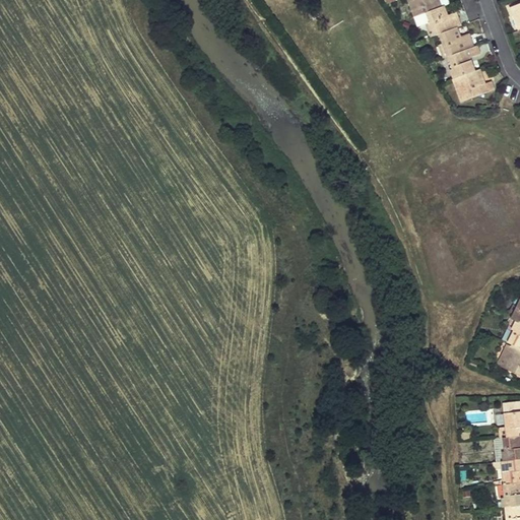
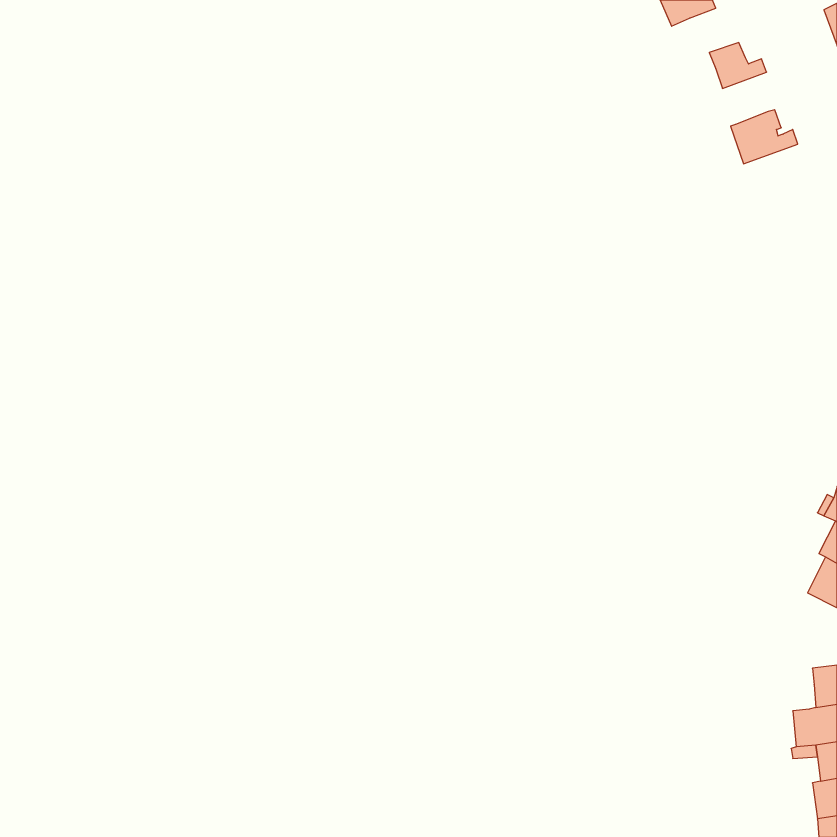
building: [428,4,463,35] -> none
building: [448,44,482,77] -> none

